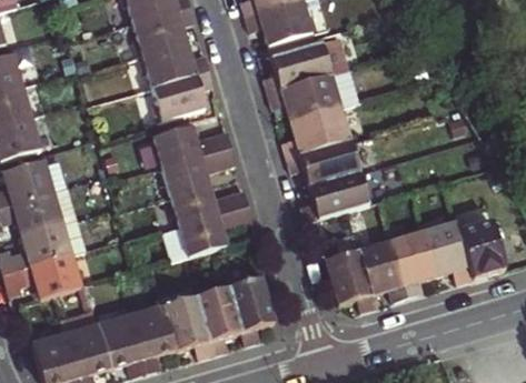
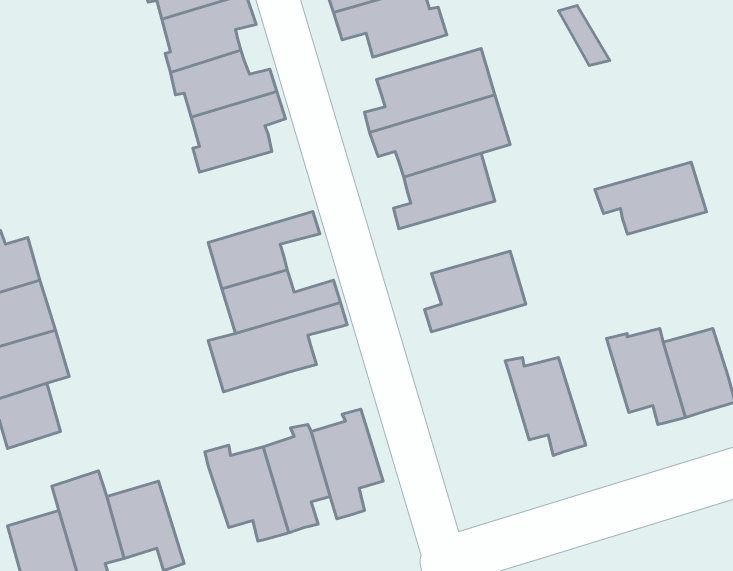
building: [156,121,232,163] -> none
building: [288,137,360,183] -> [595,162,706,234]
building: [391,225,437,294] -> none
building: [325,246,376,310] -> none
building: [132,308,178,371] -> none

